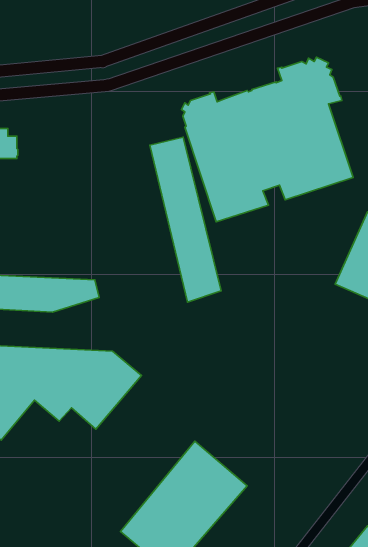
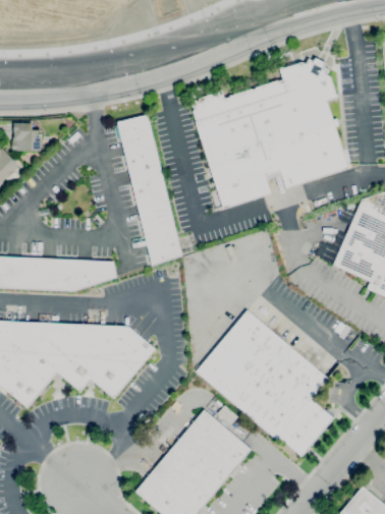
building: [150,137,221,302] -> [117,115,182,266]
building: none -> [196,310,335,456]

